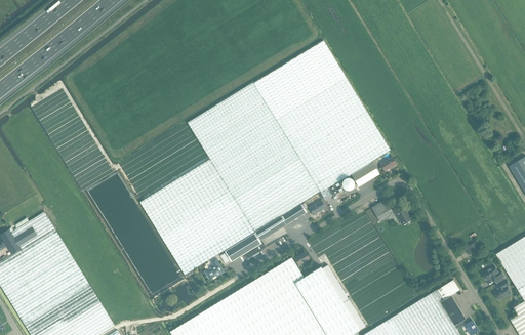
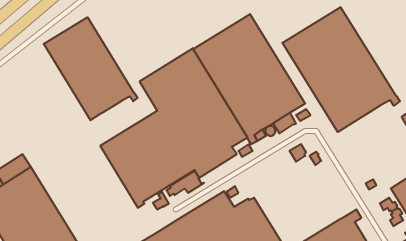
building: none -> [282,7,400,132]
building: none -> [44,17,138,120]

